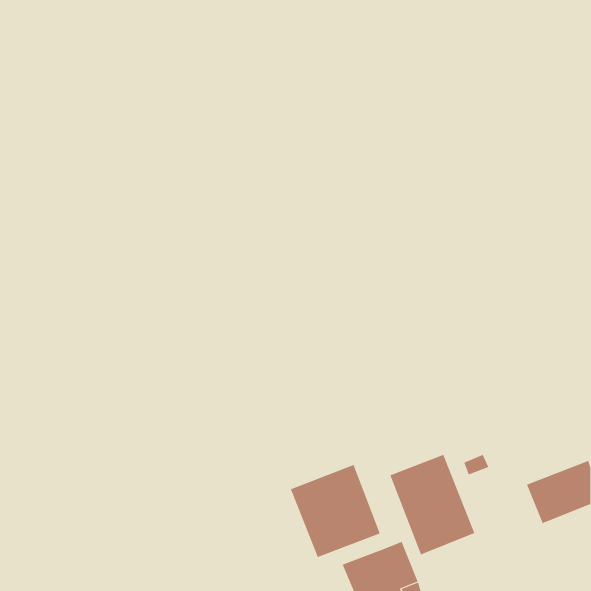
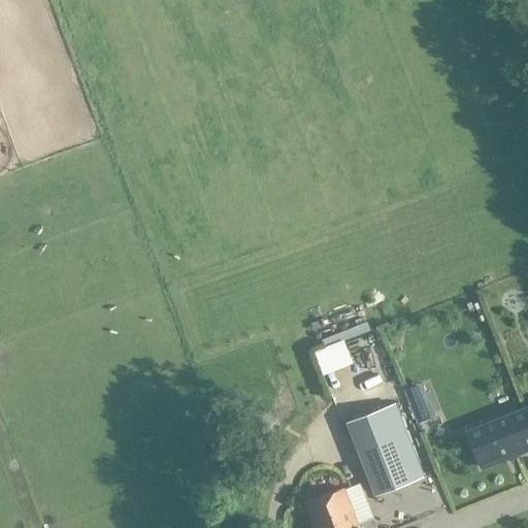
building: [290,464,381,558] -> none

